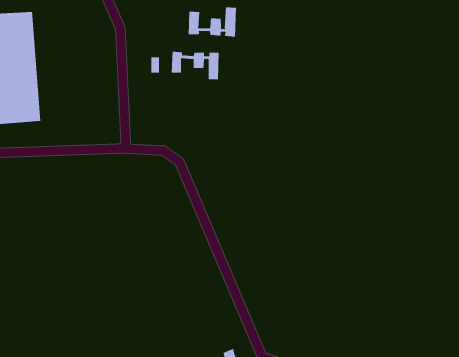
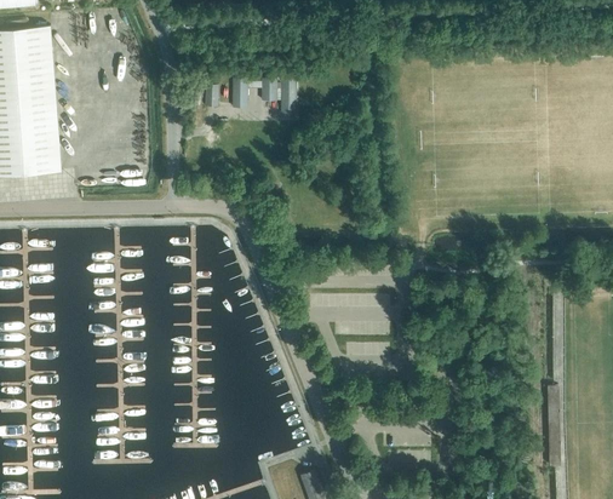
building: [188,6,236,37] -> none

